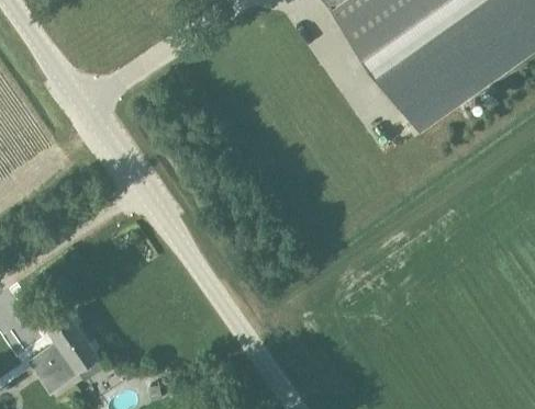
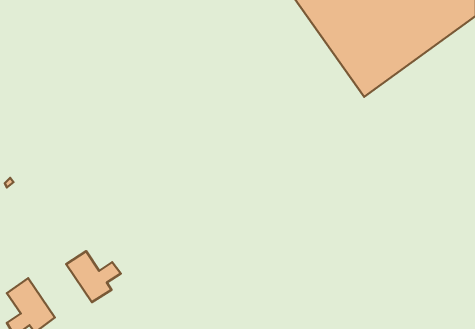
building: none -> [66,251,121,302]

